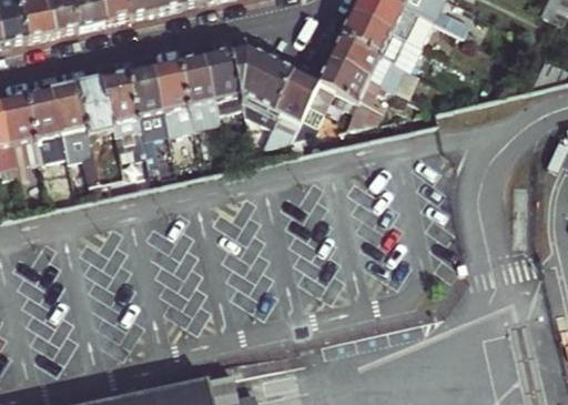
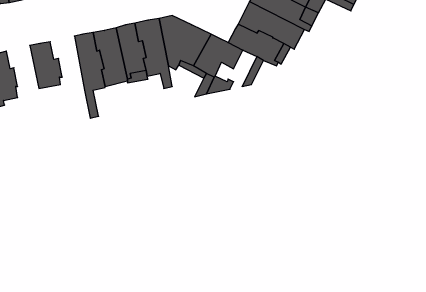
building: [92,75,133,141] -> none
building: [40,87,89,186] -> none

